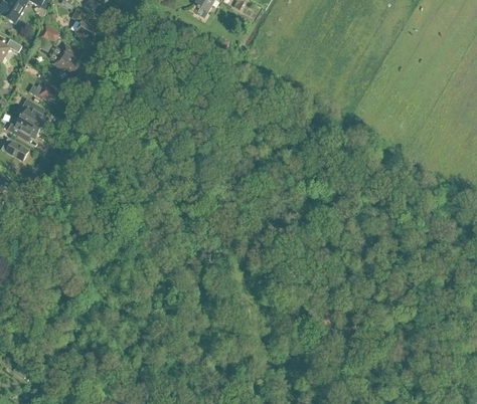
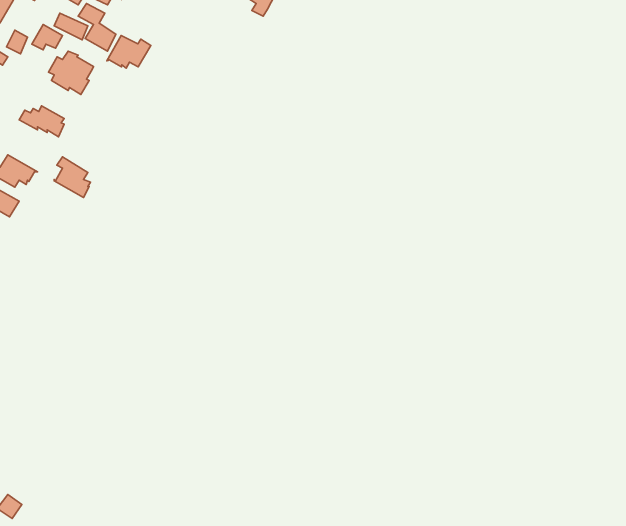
building: none -> [107,35,151,68]
building: [21,98,47,128] -> [54,157,91,198]

